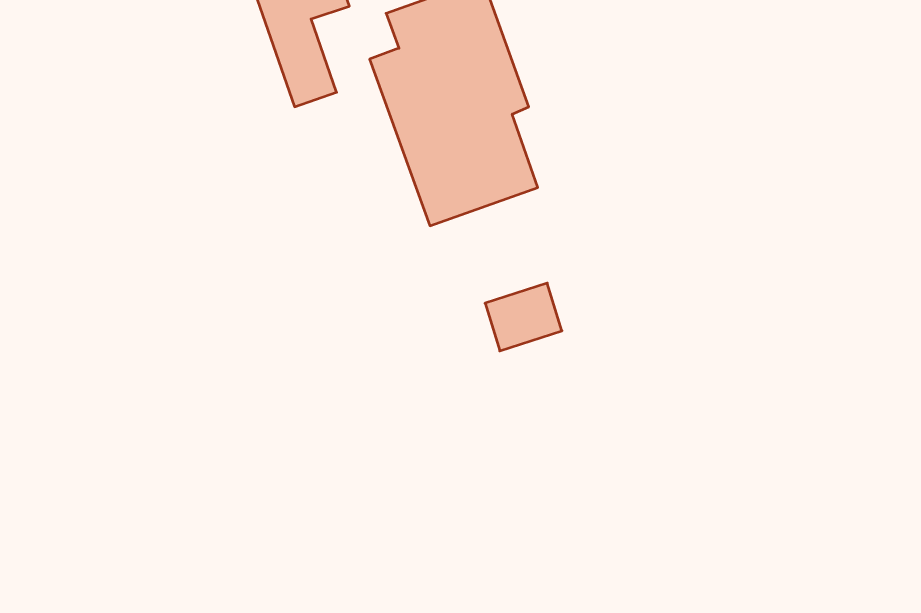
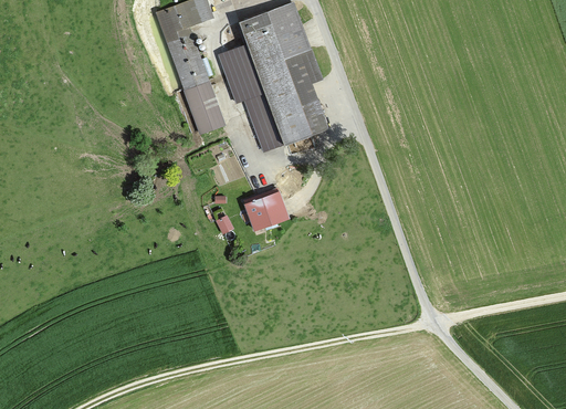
building: none -> [182,82,226,137]
building: [485,283,562,351] -> [243,190,290,231]

